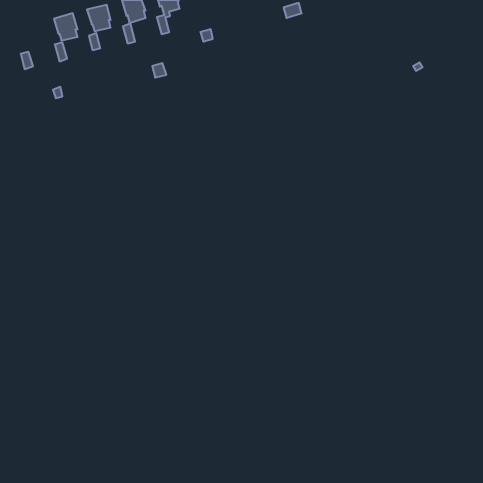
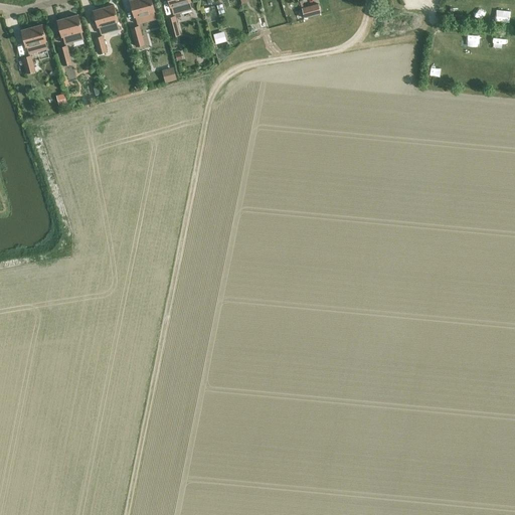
building: none -> [21,24,47,53]

